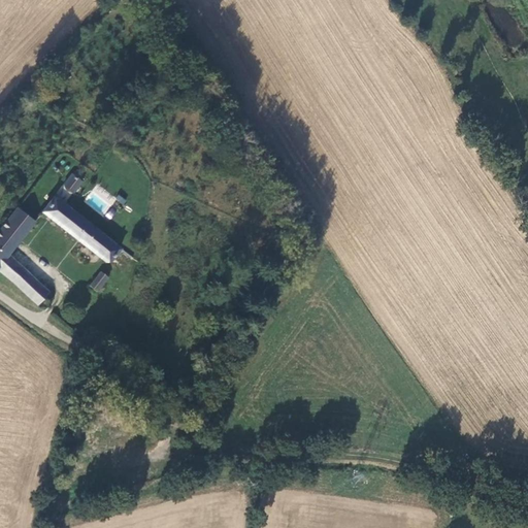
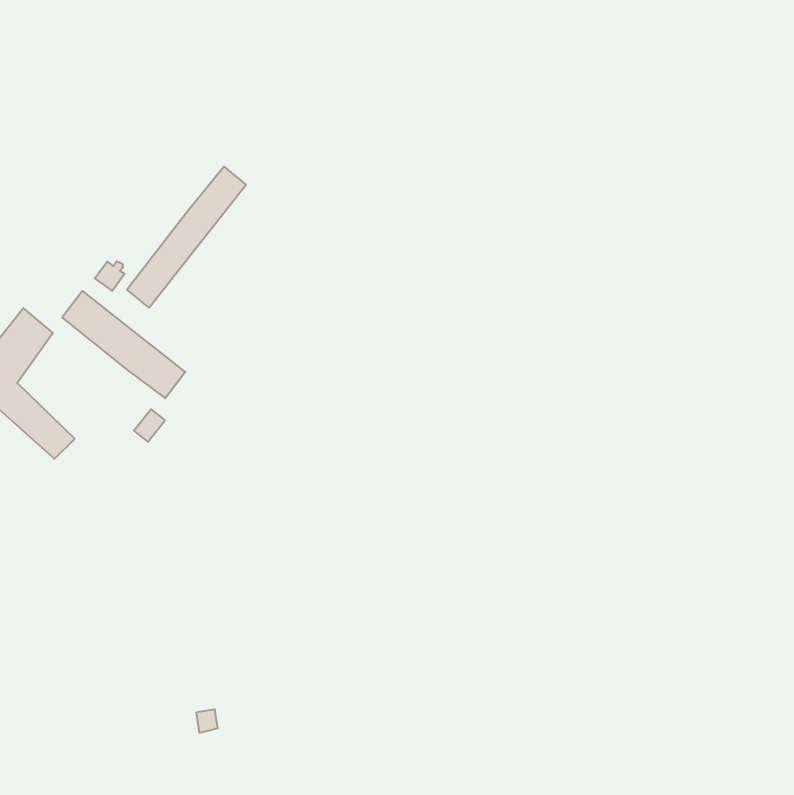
building: none -> [127,167,246,308]

